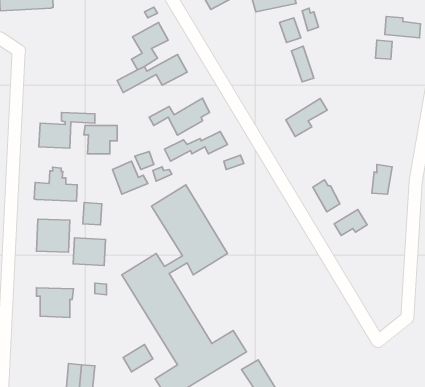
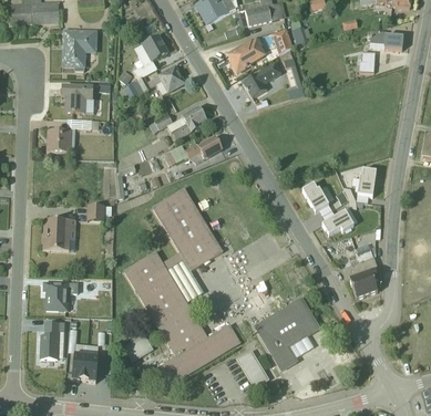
building: none -> [62,30,96,70]
building: none -> [227,35,266,70]
building: [286,98,327,136] -> [243,61,281,96]
building: [84,125,117,154] -> [61,85,92,112]
building: [34,167,77,201] -> none
building: [73,238,105,266] -> none
building: none -> [341,241,377,298]
building: none -> [255,298,319,370]
building: none -> [41,322,62,358]

